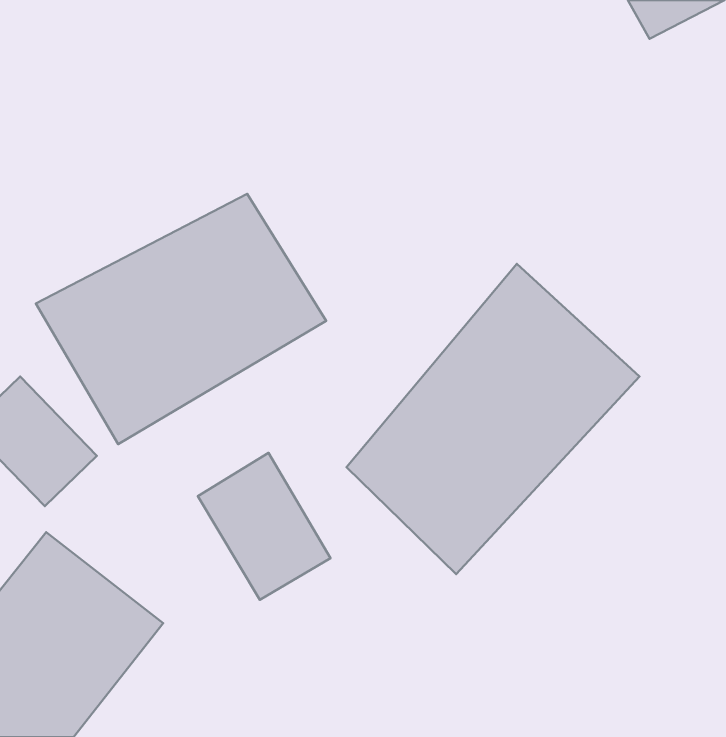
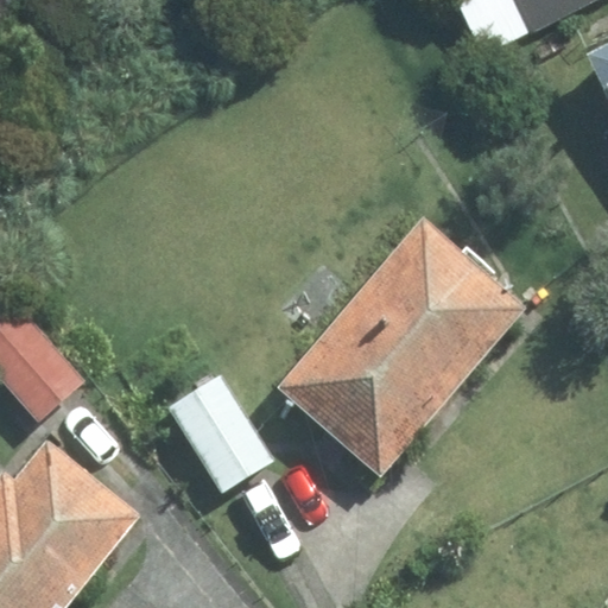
building: [36,194,326,444] -> none

